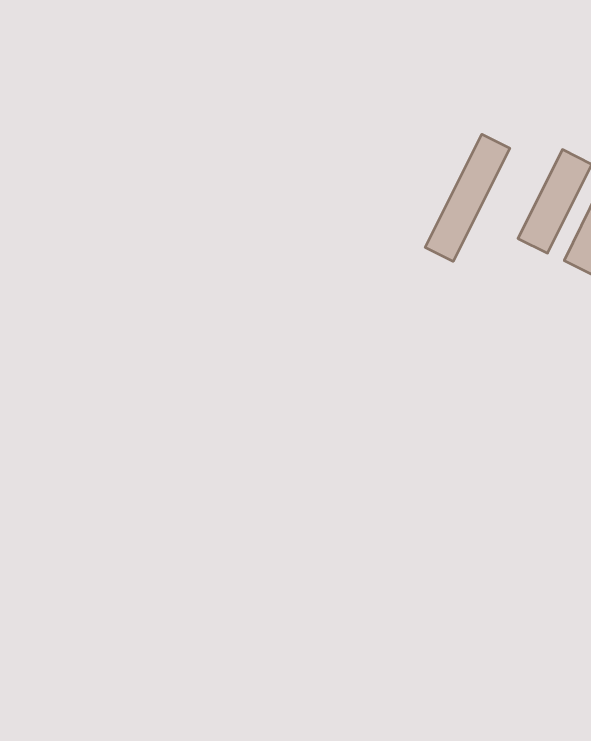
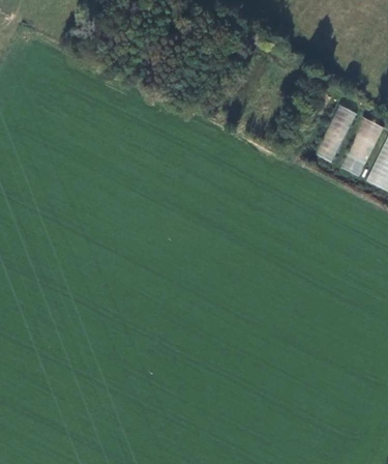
building: [425,134,510,261] -> none

